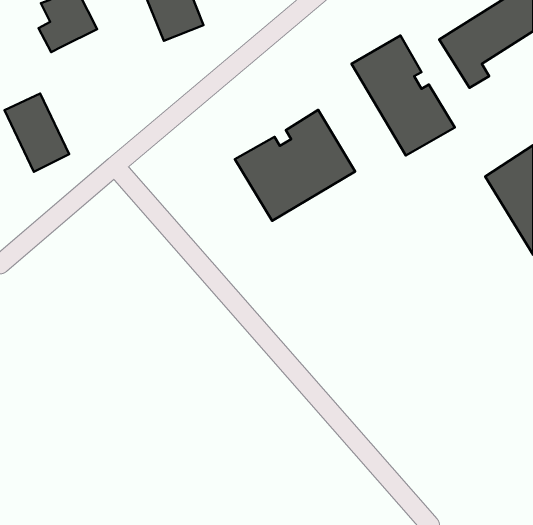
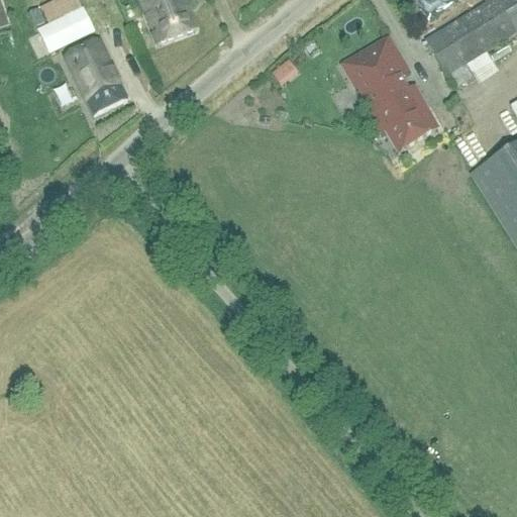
building: [5,94,69,172] -> [64,36,126,112]
building: [235,110,355,221] -> none

